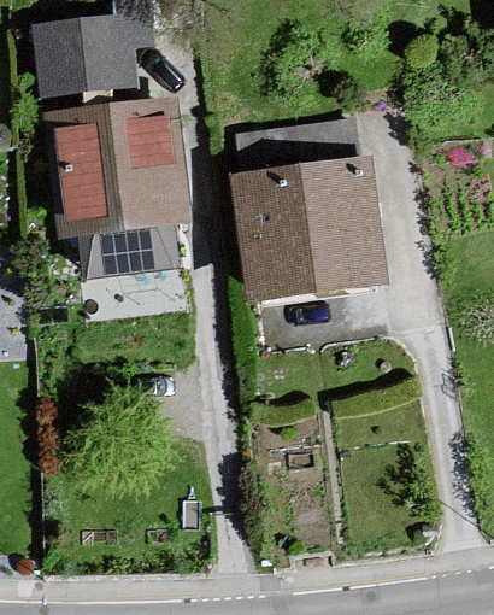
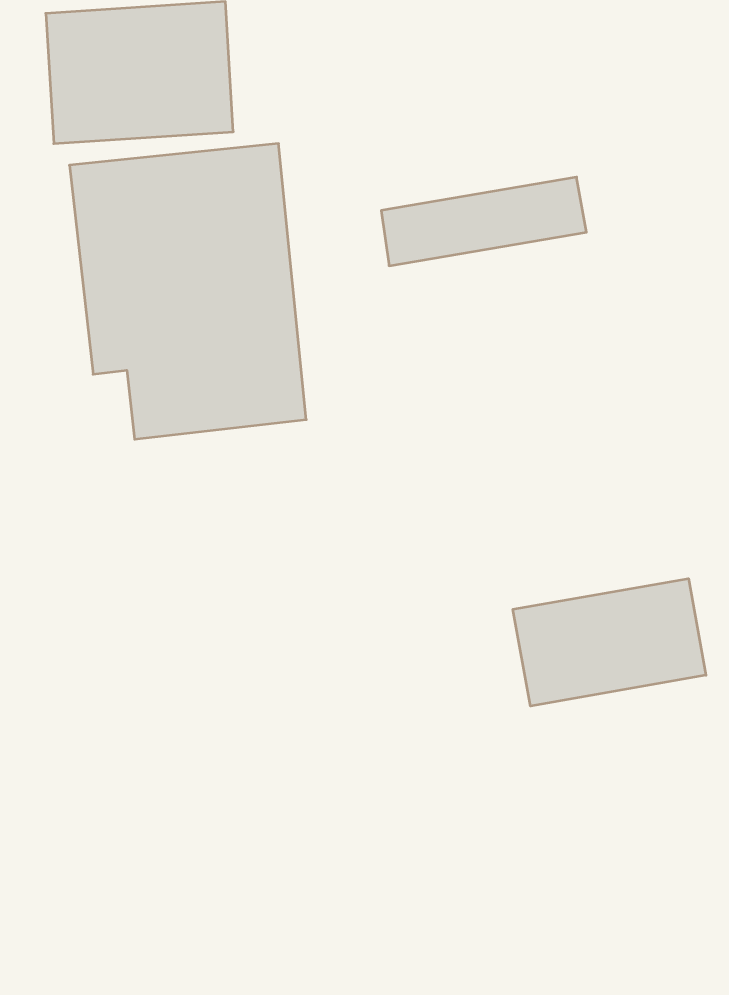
building: [242,176,401,323] -> none
building: none -> [513,579,706,706]

